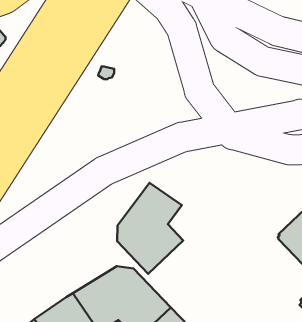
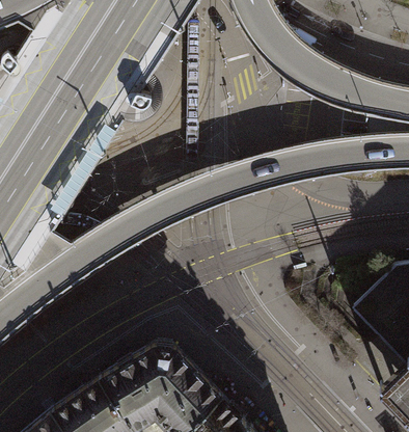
building: [117,183,183,274] -> none

